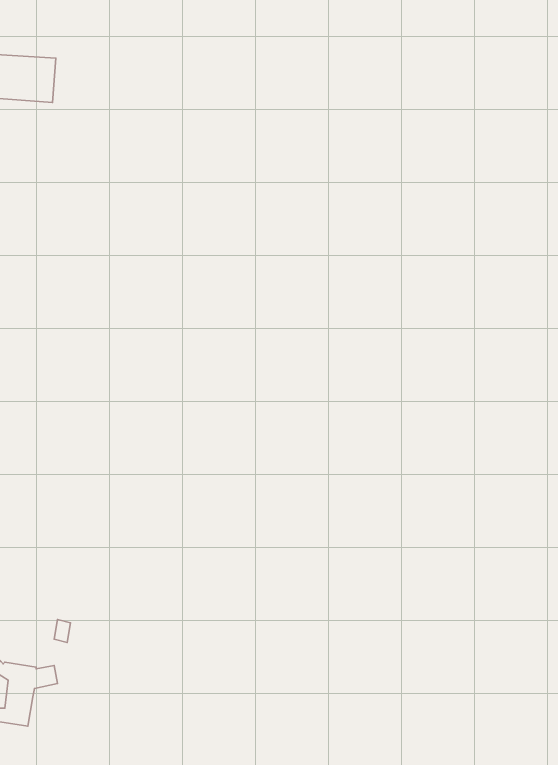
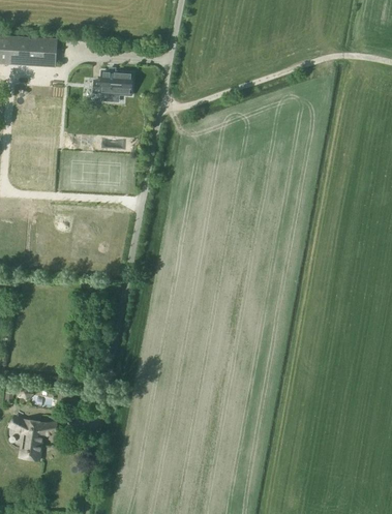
building: none -> [93,71,131,97]

